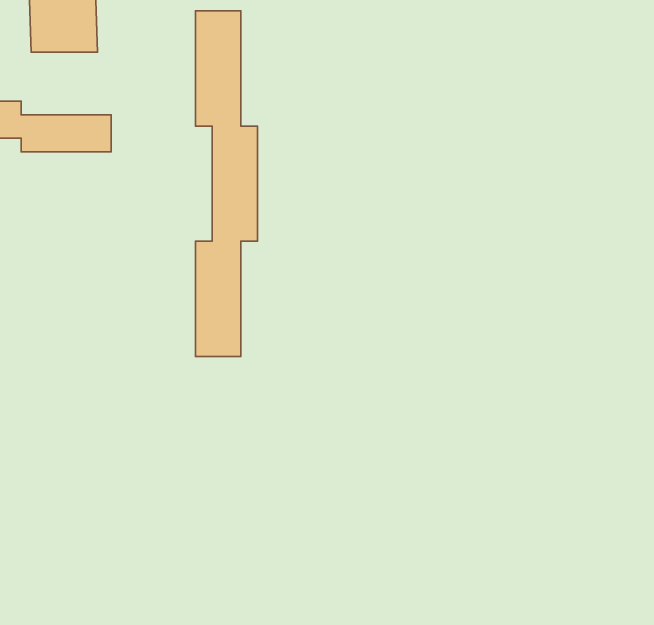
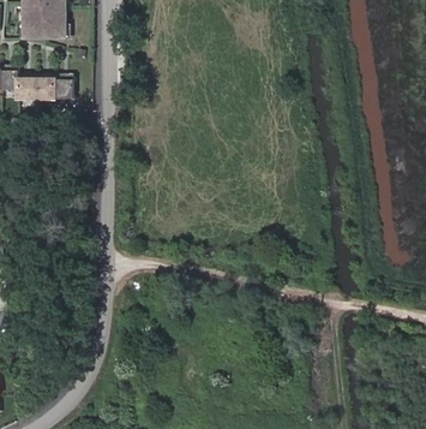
building: [195,11,257,356] -> none

